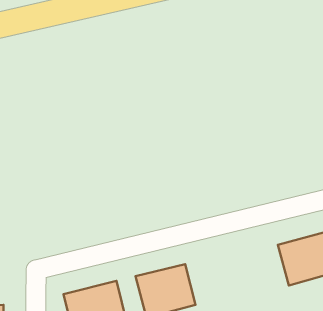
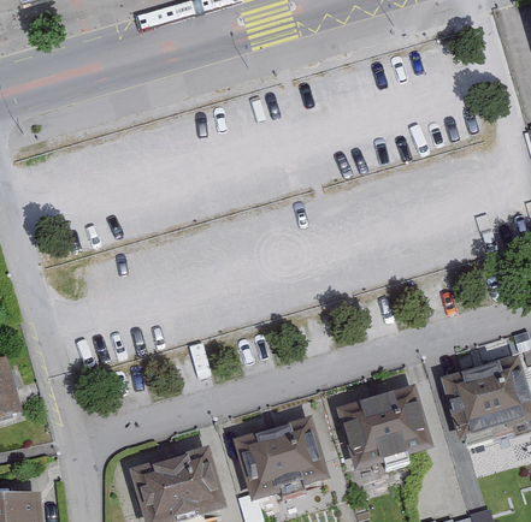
building: none -> [338,388,431,470]

